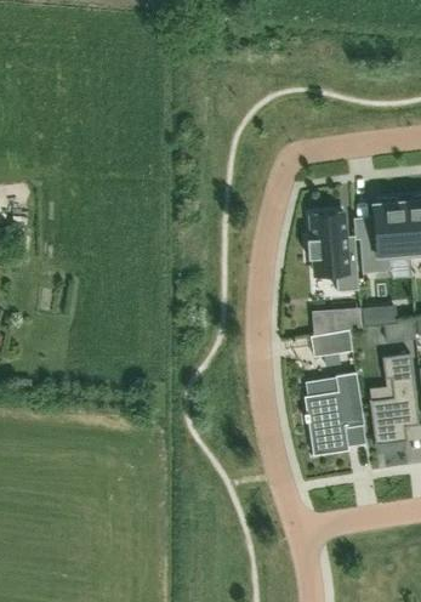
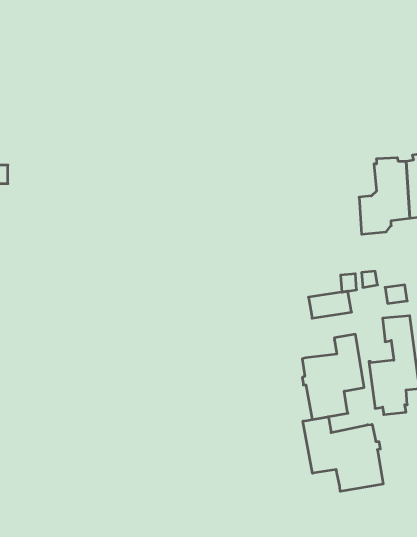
building: [308,211,359,290] -> none
building: none -> [303,417,383,491]

